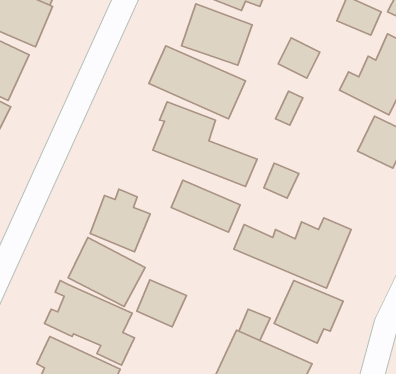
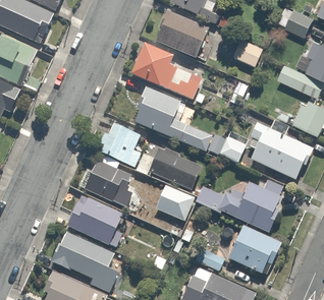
building: none -> [97,119,143,166]
building: none -> [248,119,312,181]
building: [137,280,186,327] -> [156,183,195,220]

